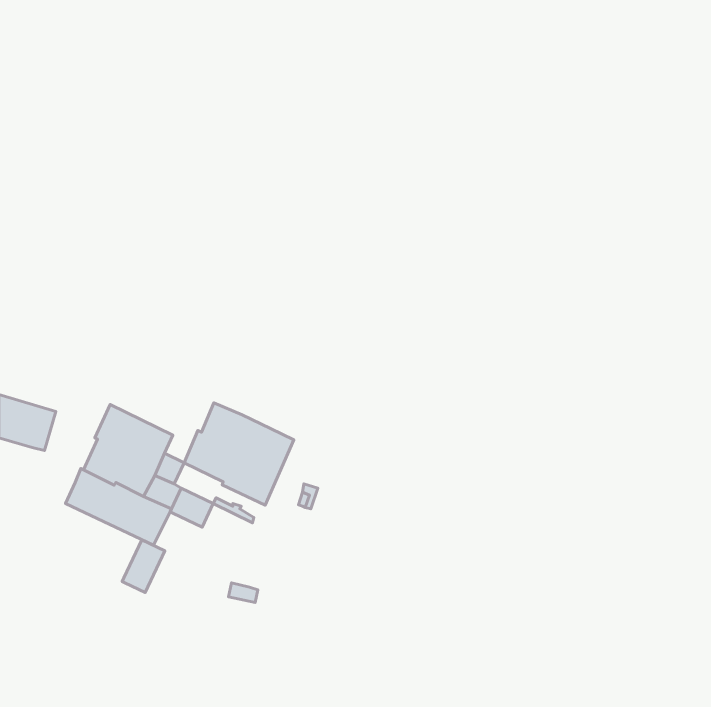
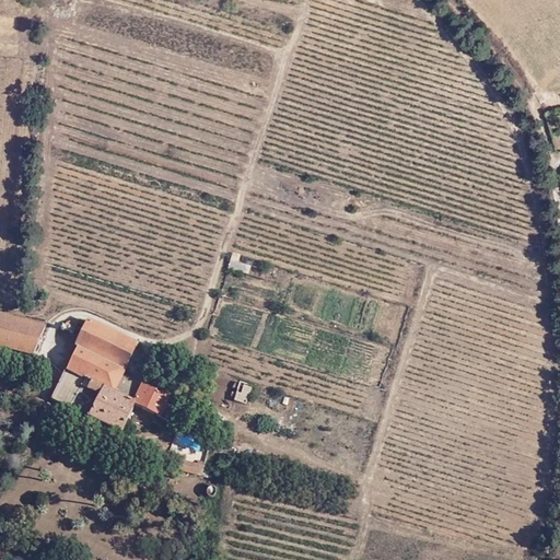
building: [184,403,294,505] -> none
building: [122,540,165,593] -> none

